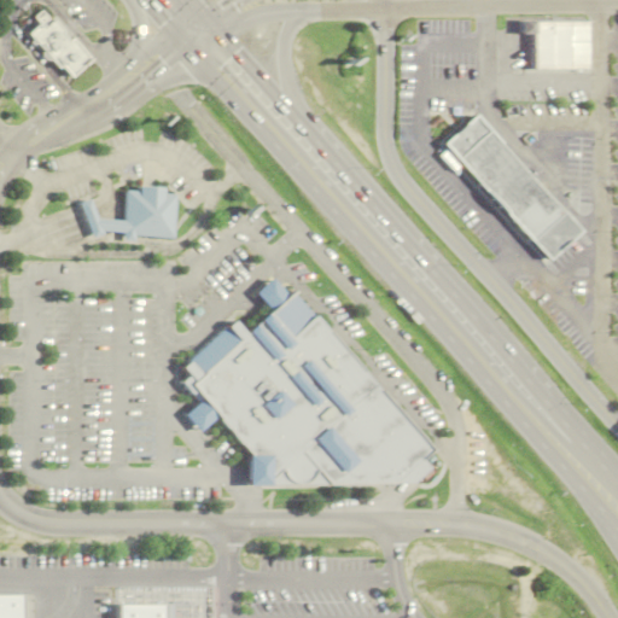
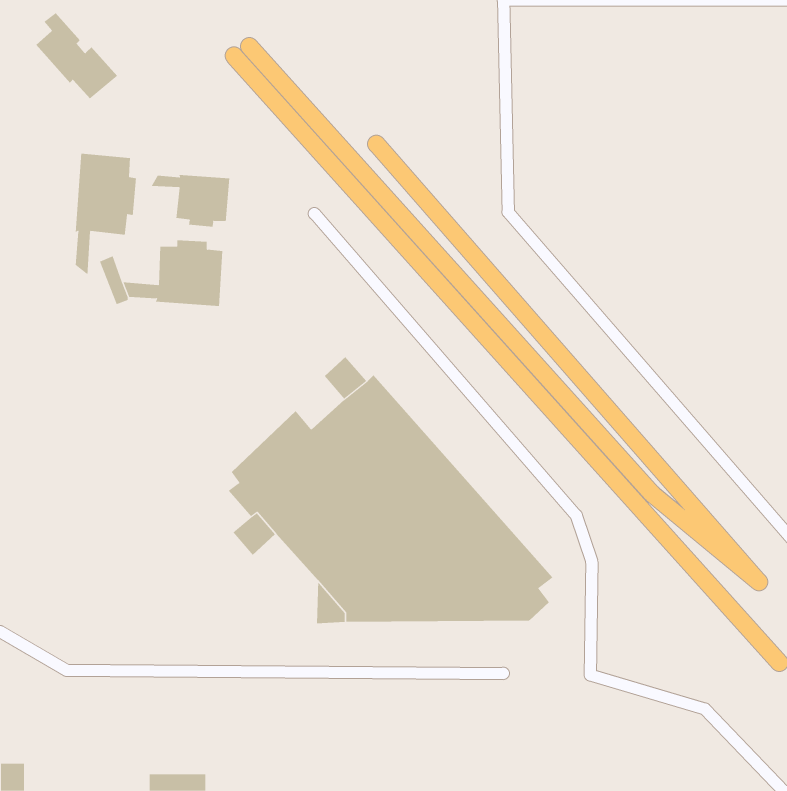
building: [445,113,583,260] -> none
building: none -> [75,153,136,276]
building: none -> [151,174,230,227]

